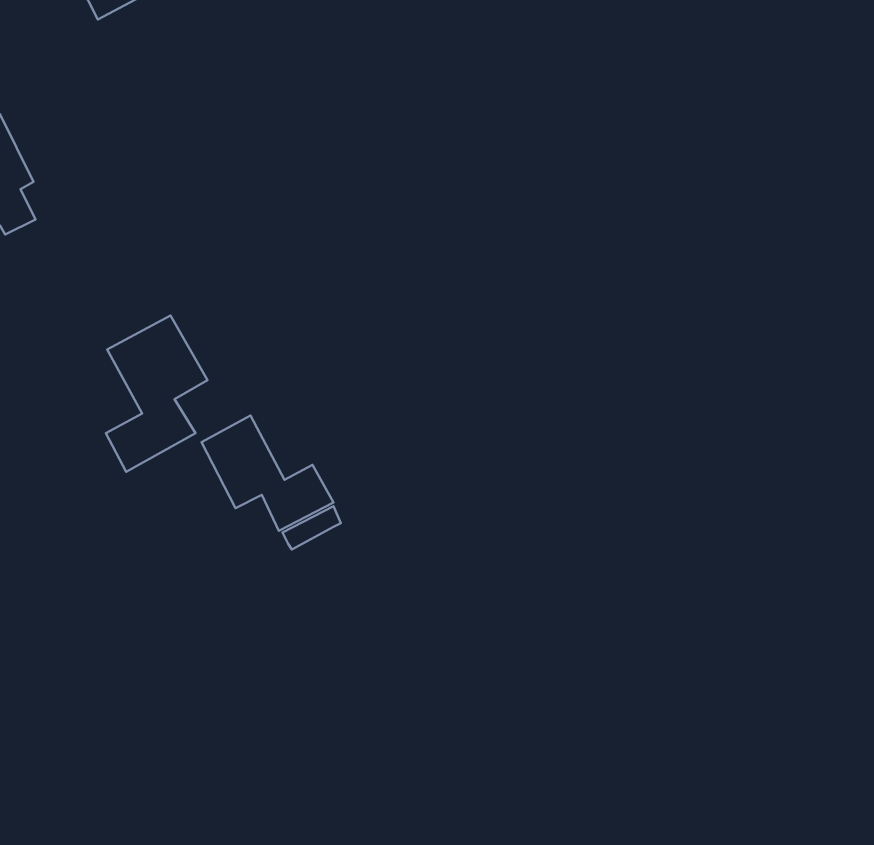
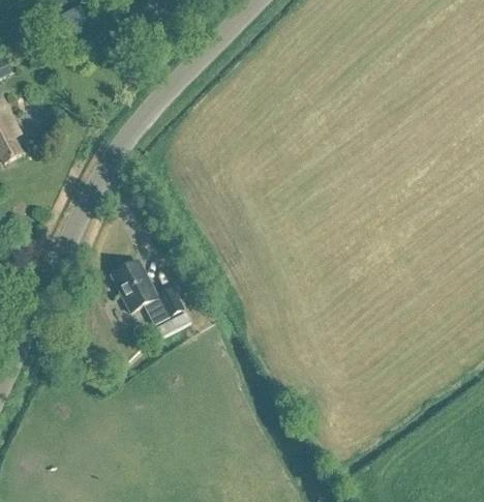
building: [106,315,208,472] -> none

